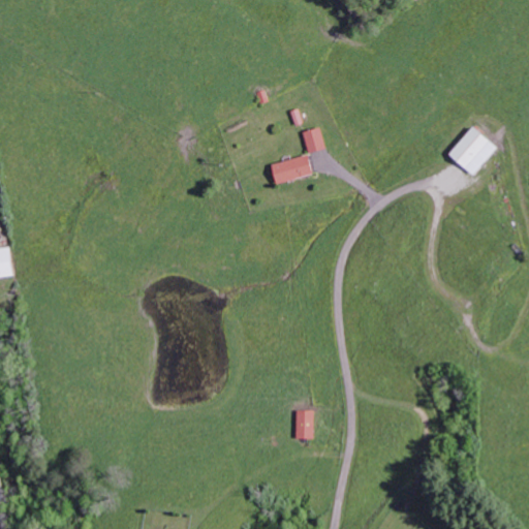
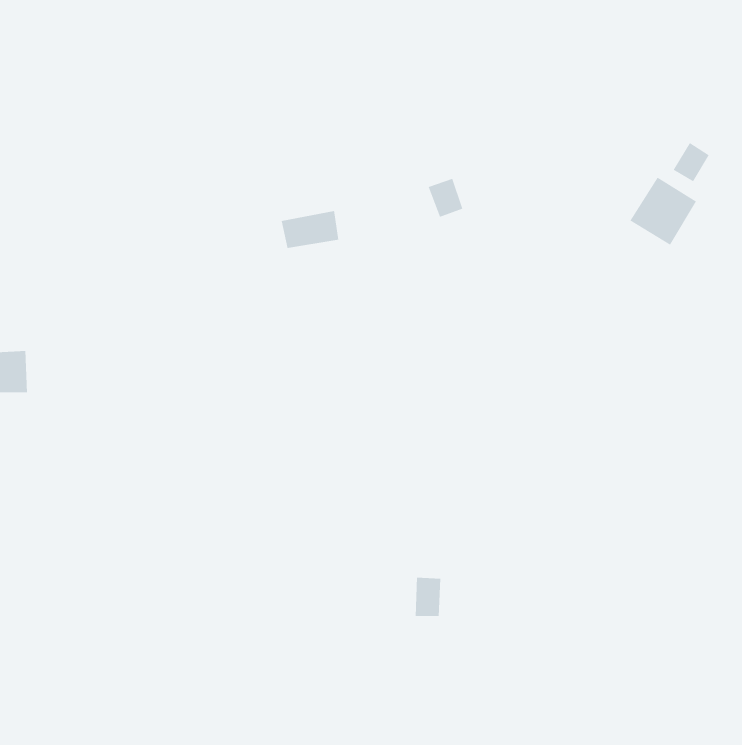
building: none -> [673,142,710,182]
building: [275,155,316,182] -> [281,211,339,249]

